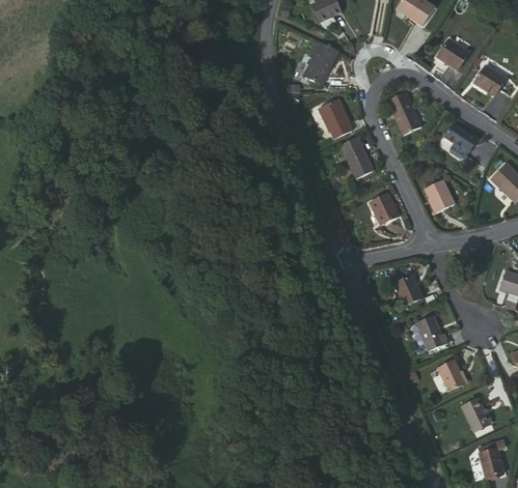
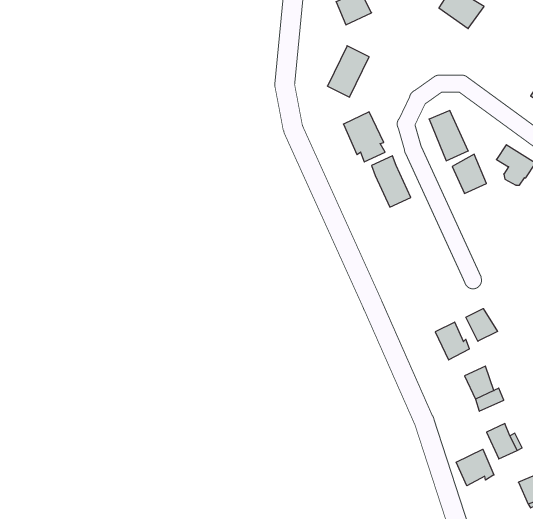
building: [431,36,471,73] -> none
building: [424,180,453,213] -> [452,154,486,193]
building: [370,192,399,225] -> none
building: none -> [466,309,498,341]
building: none -> [456,449,494,486]

